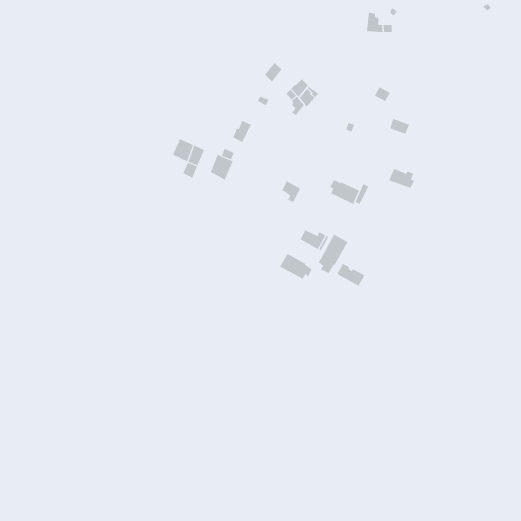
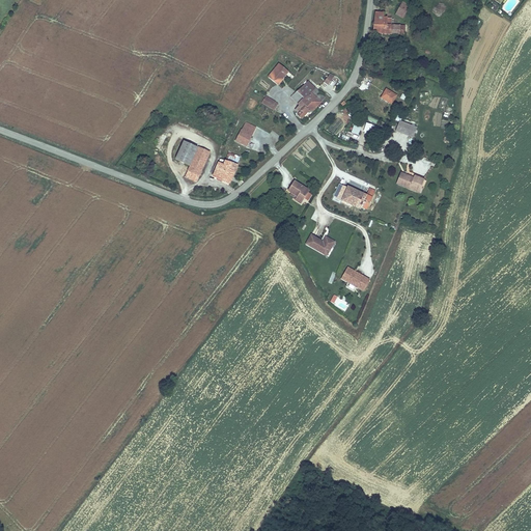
building: [318,233,348,274] -> none
building: [279,253,313,280] -> none

